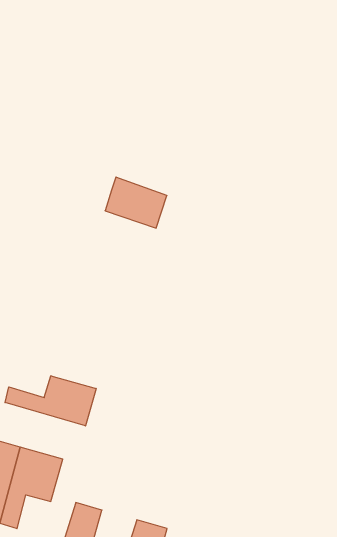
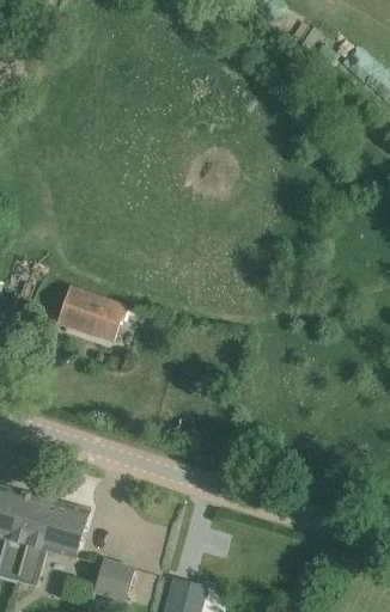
building: [105,177,167,228] -> [55,282,123,338]
building: [5,376,96,426] -> none

